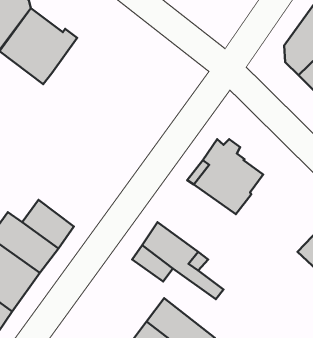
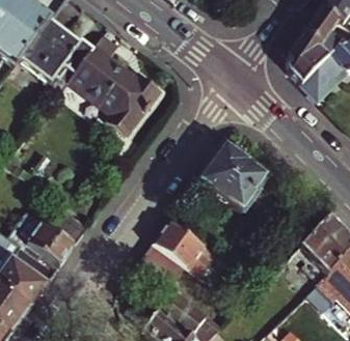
building: none -> [69,33,160,133]

